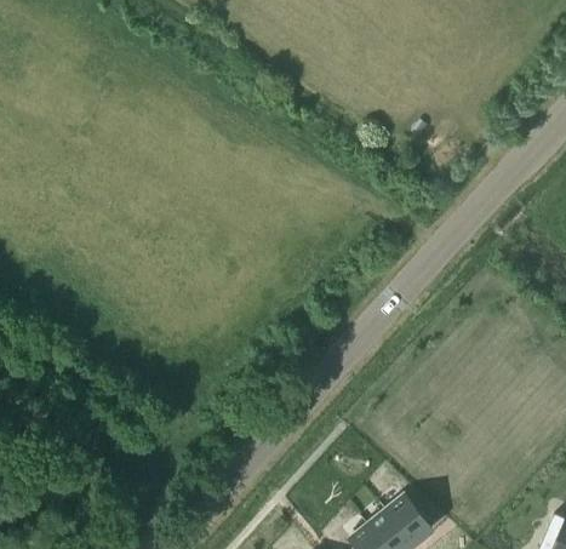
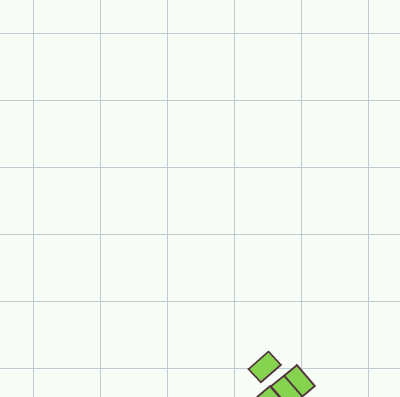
building: none -> [248,352,281,382]

